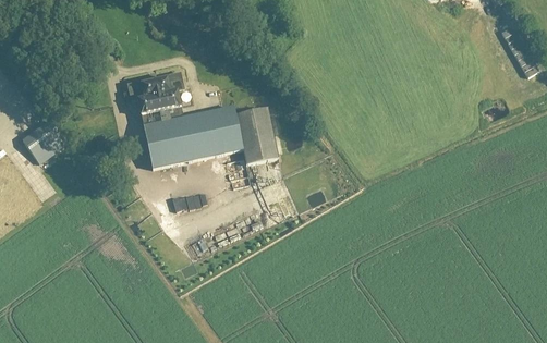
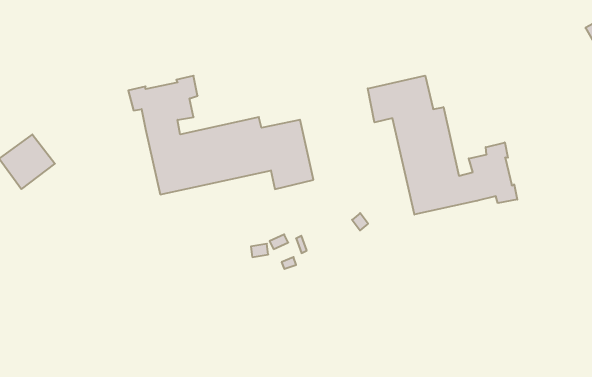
building: none -> [368,76,517,215]

